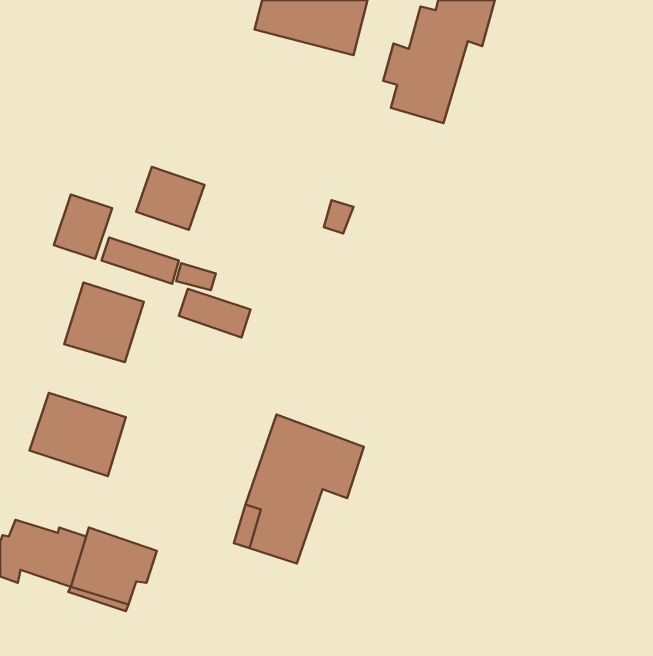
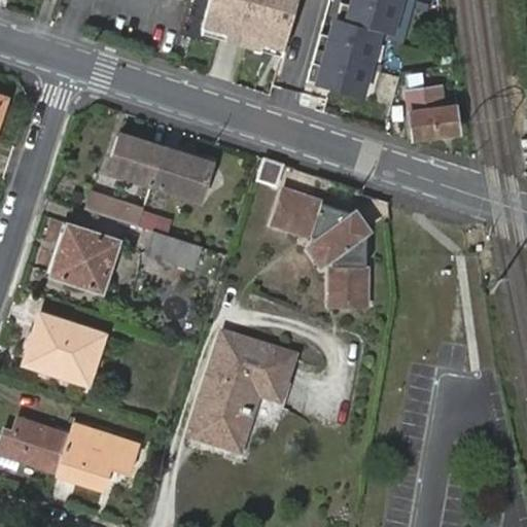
building: none -> [409,85,460,137]
building: none -> [154,148,214,201]
building: [54,195,112,259] -> none
building: none -> [270,191,368,310]

